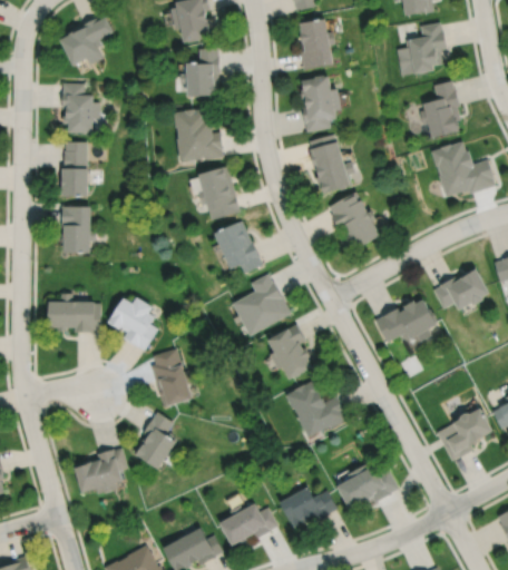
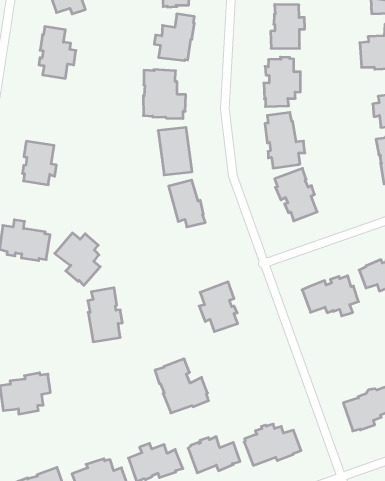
building: [61,142,87,198] -> none
building: [233,273,291,334] -> none
building: [286,379,348,438] -> [155,359,209,413]
building: [134,412,176,470] -> none

